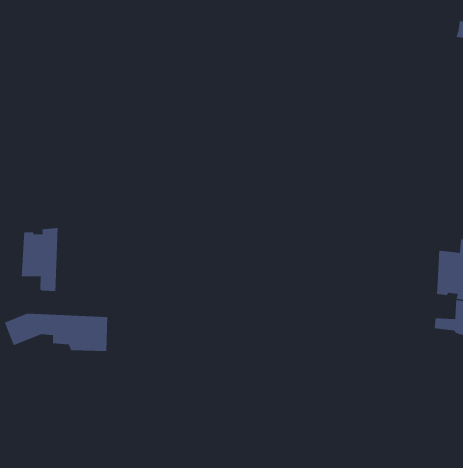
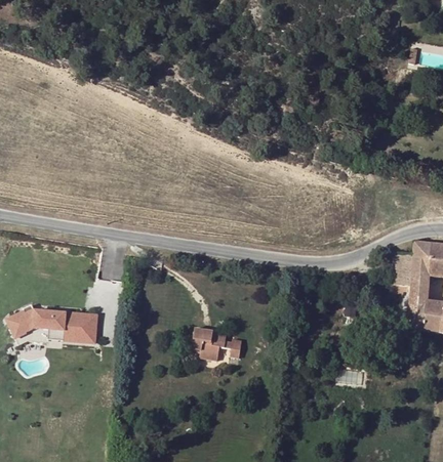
building: [21,227,58,292] -> none
building: none -> [192,328,242,360]

